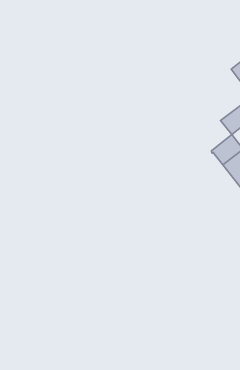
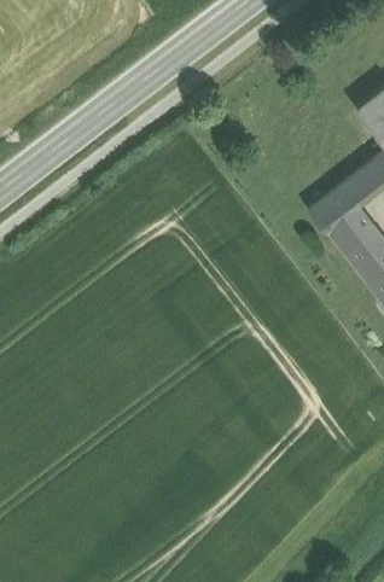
building: none -> [310,188,357,233]

